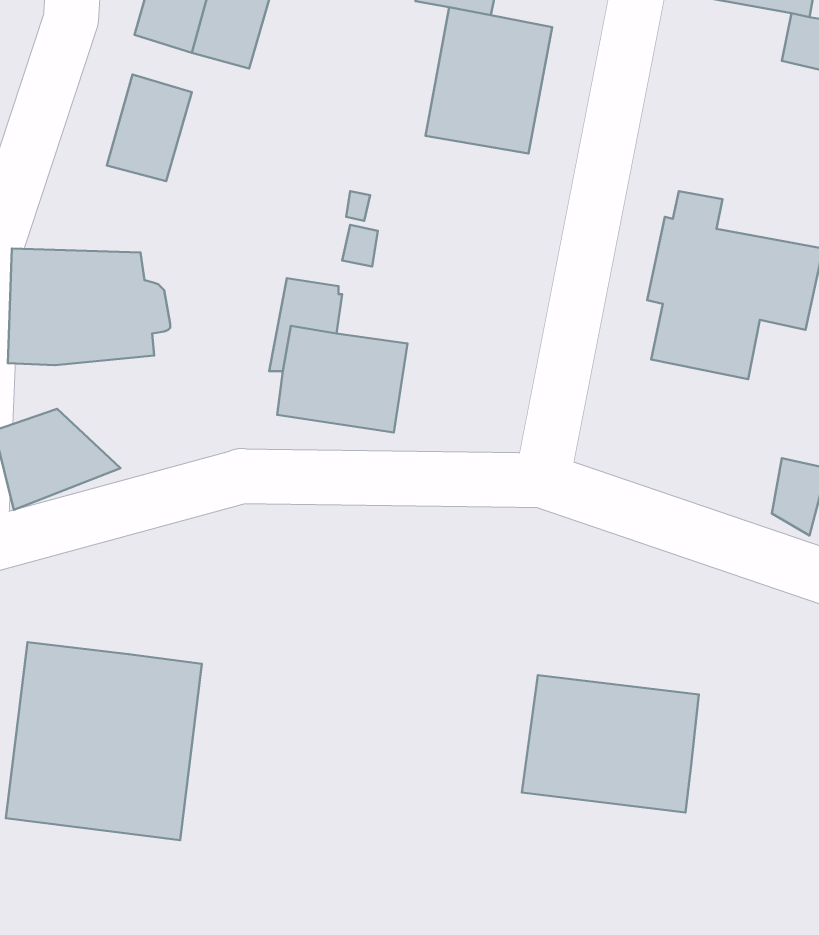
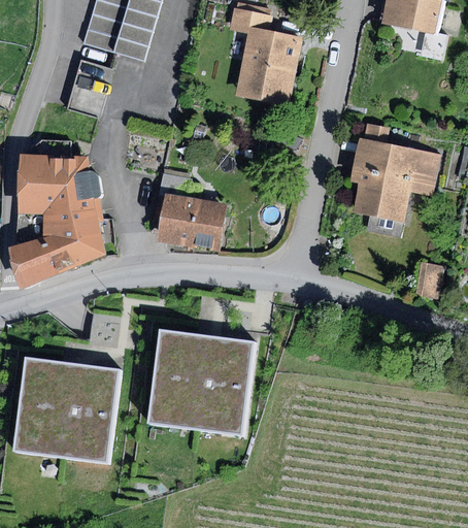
building: none -> [41,208,105,267]
building: none -> [147,329,253,434]
building: [522,675,699,812] -> none

